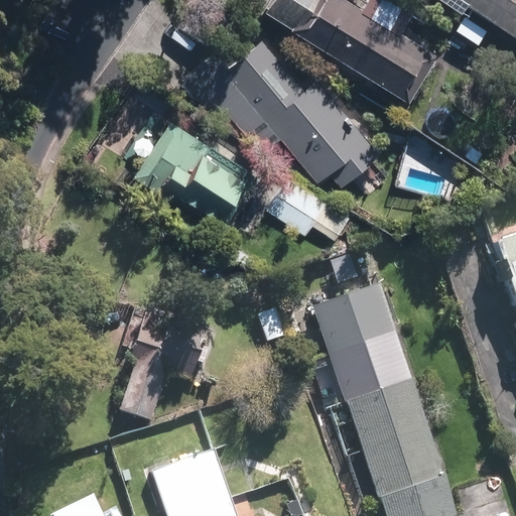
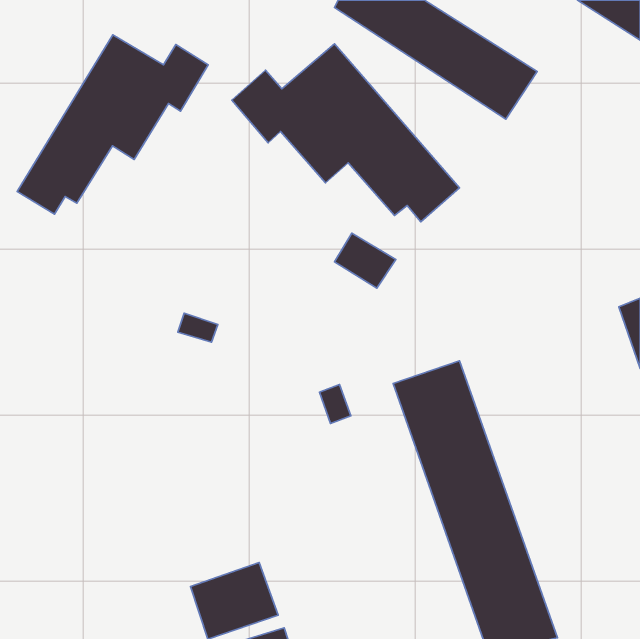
building: none -> [17,35,208,214]
building: [139,129,245,223] -> none
building: [119,318,200,417] -> none

